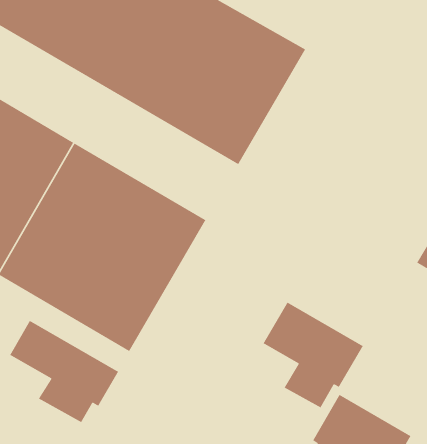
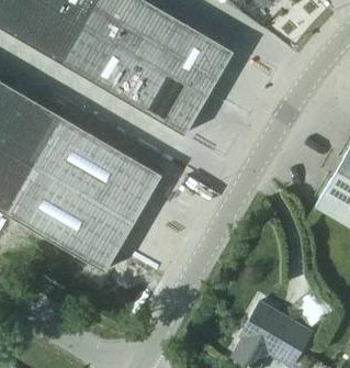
building: [263,301,364,409] -> none
building: [9,320,119,423] -> none

